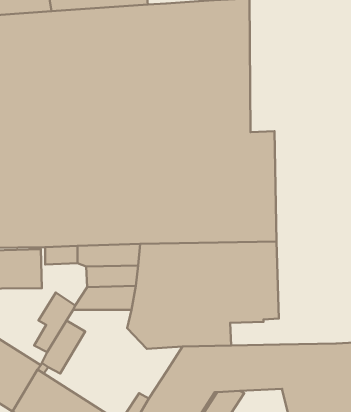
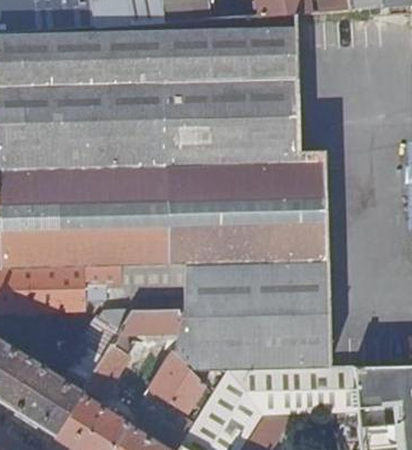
building: none -> [278,341,329,369]
building: none -> [149,351,205,412]

